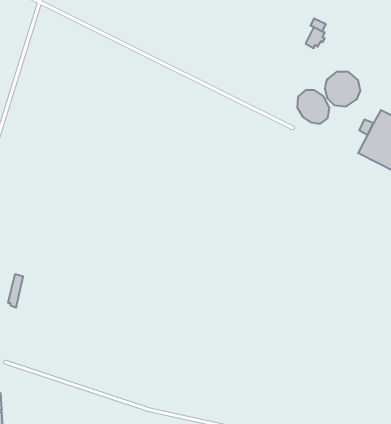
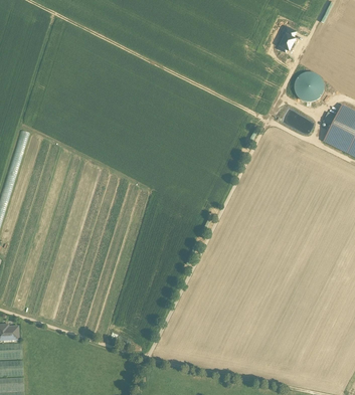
building: [298,90,329,124] -> none

